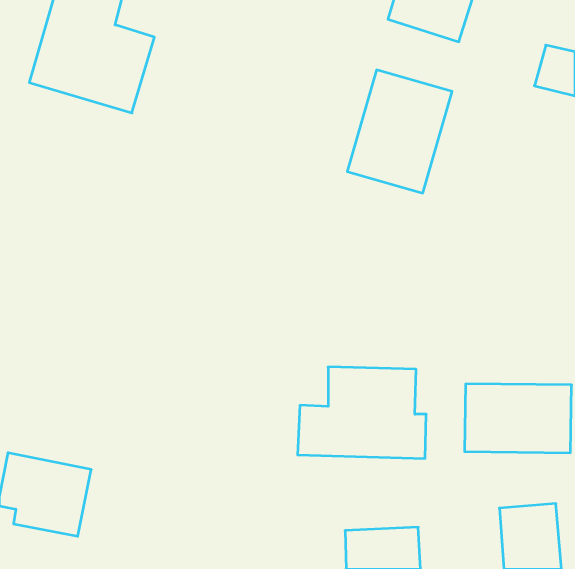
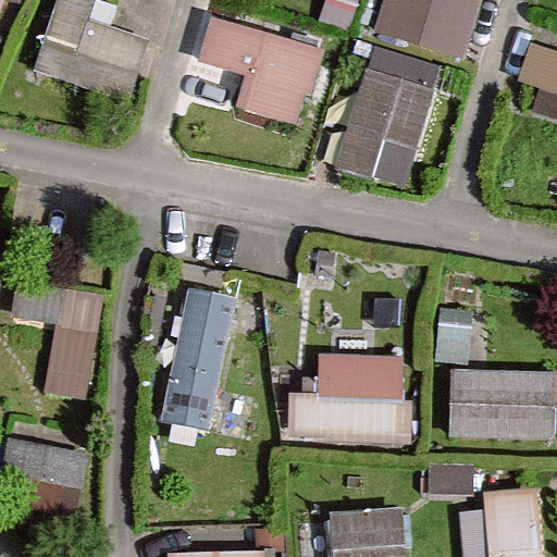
building: none -> [198,16,323,126]
building: none -> [10,278,102,395]
building: none -> [161,287,235,430]

